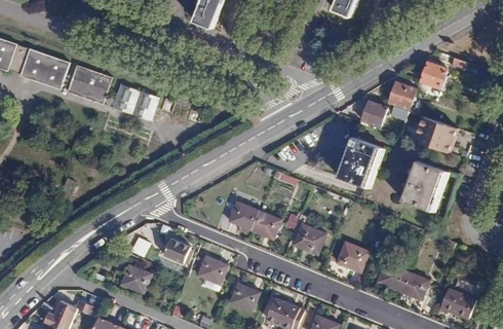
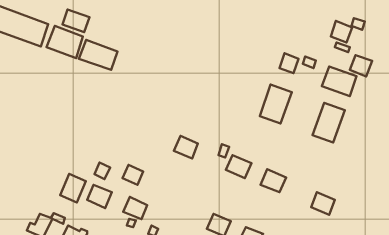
building: none -> [62,9,89,32]
building: [390,81,418,108] -> [350,55,372,77]
building: [250,211,279,239] -> none
building: none -> [60,174,86,203]
building: [198,254,228,282] -> [123,197,147,219]
building: [377,262,405,290] -> none
building: [232,283,260,309] -> none
building: [443,287,473,316] -> none

